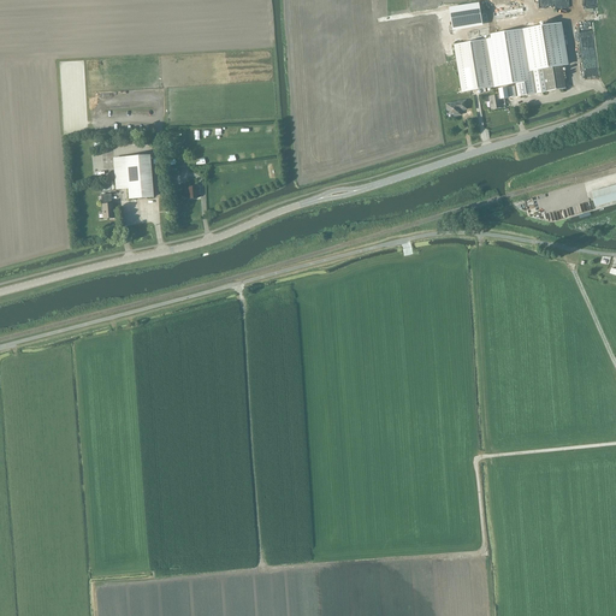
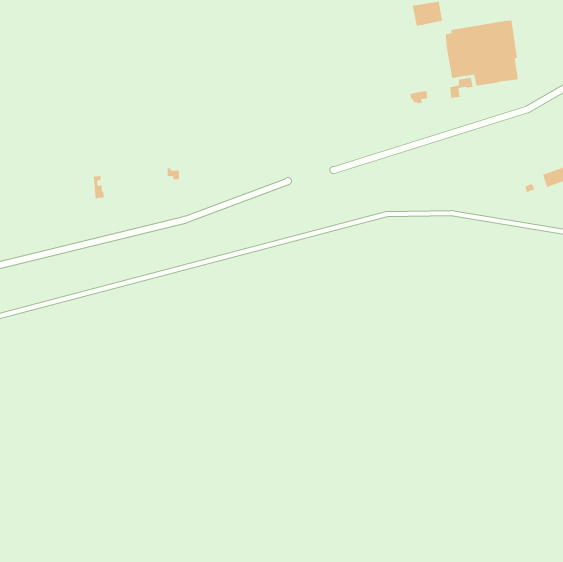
building: [456,37,493,90] -> none
building: [114,153,154,197] -> none

